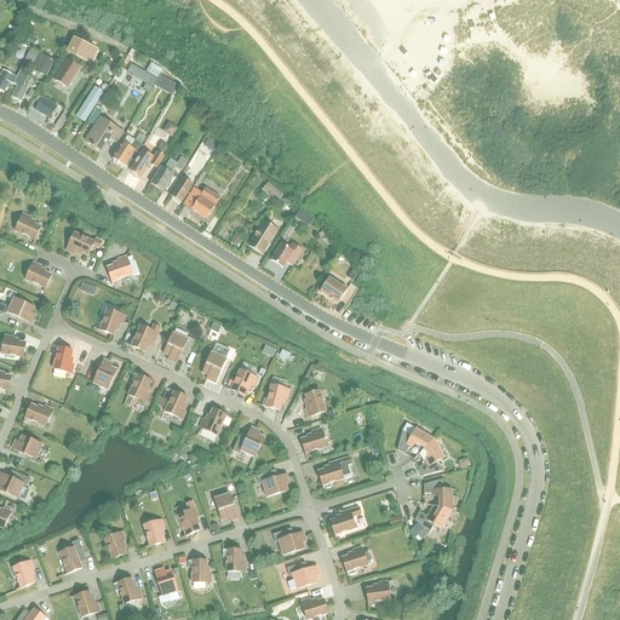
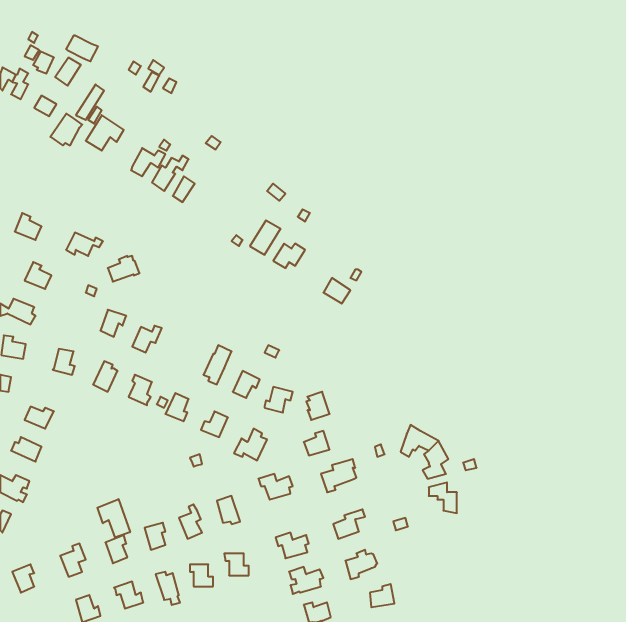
building: [111,133,143,165] -> [50,114,82,145]
building: [183,185,219,216] -> none
building: [162,331,195,361] -> none
building: none -> [97,499,130,538]
building: [414,503,452,536] -> none

